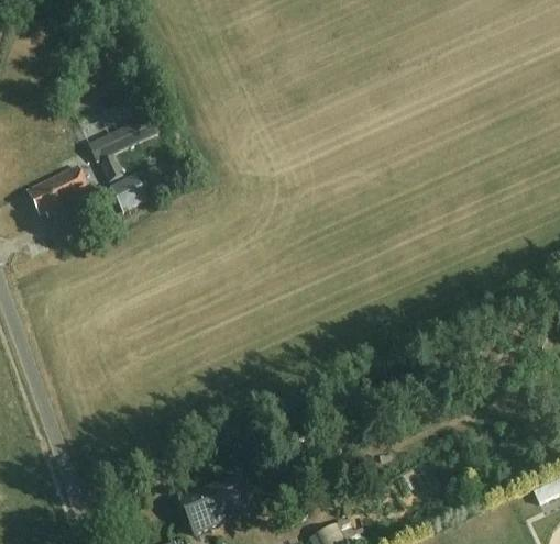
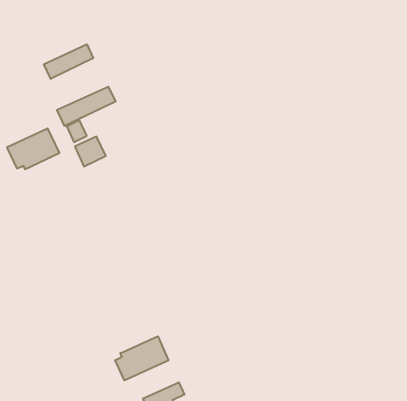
building: none -> [44,44,93,79]
building: none -> [115,336,168,380]

